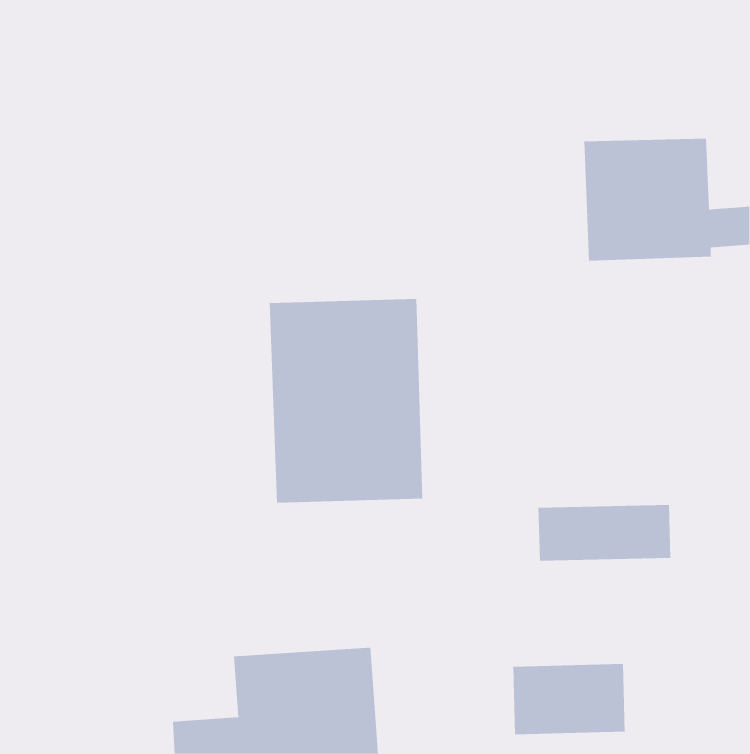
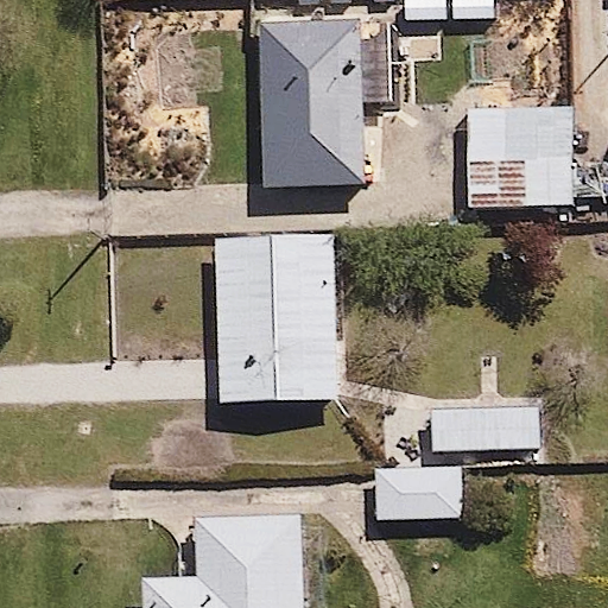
building: none -> [260,11,394,186]
building: [513,664,625,735] -> [374,462,464,519]

